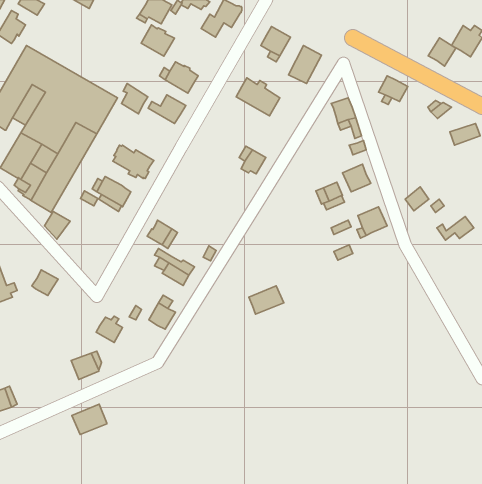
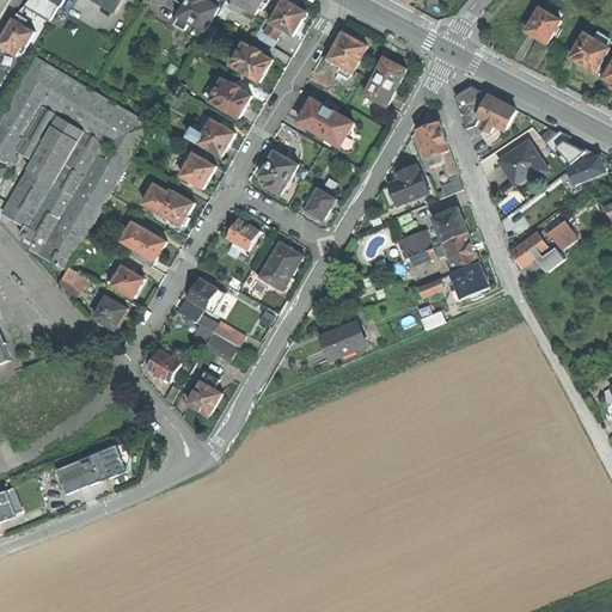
building: [141,25,174,56] -> [230,42,271,81]
building: [428,38,456,66] -> [525,7,559,43]
building: none -> [454,86,488,127]
building: [121,83,148,114] -> [180,149,214,188]
building: none -> [497,139,547,182]
building: none -> [259,151,296,194]
building: none -> [388,165,428,204]
building: none -> [226,218,258,251]
building: none -> [442,232,477,270]
building: none -> [259,243,301,288]
building: none -> [106,265,143,298]
building: [437,217,474,240] -> [530,221,576,251]
building: [32,270,58,295] -> [93,296,127,329]
building: [249,286,284,314] -> [322,322,366,357]
building: [96,316,123,343] -> [146,348,179,381]
building: [72,404,107,434] -> [55,454,99,492]

